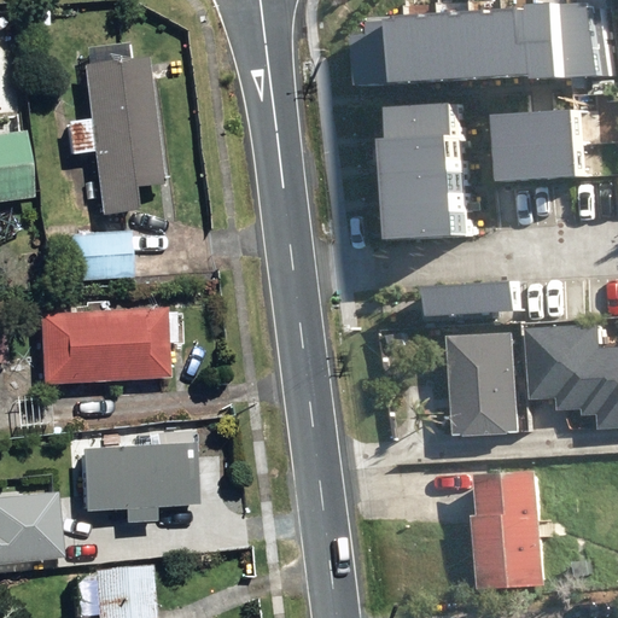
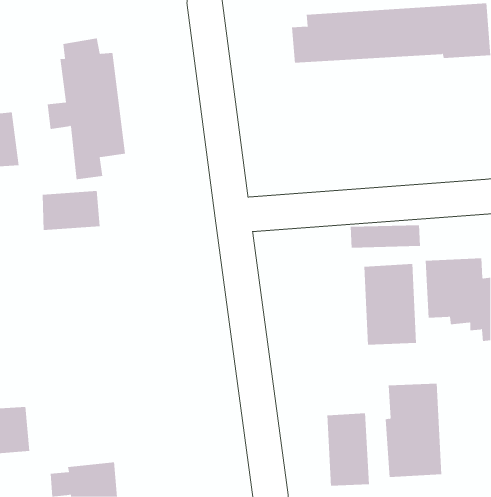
building: [396,99,467,234] -> none
building: [502,104,587,176] -> none
building: [29,314,168,391] -> none
building: [69,436,192,531] -> none
building: none -> [327,413,370,487]

